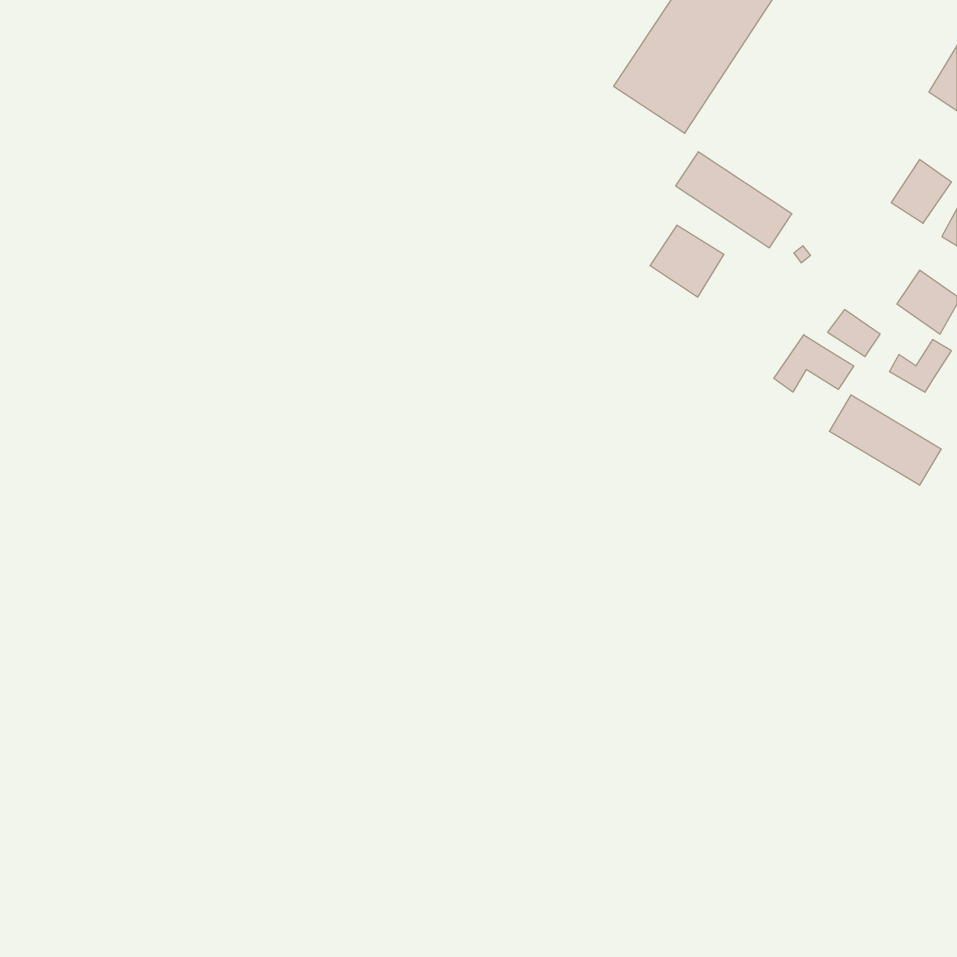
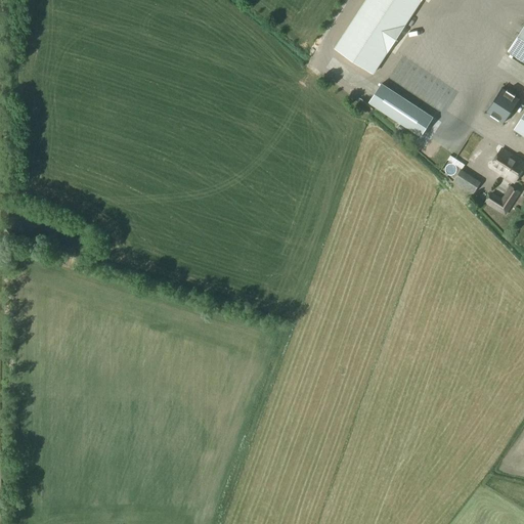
building: [650,225,724,297] -> none
building: [774,335,854,392] -> none
building: [829,395,941,485] -> none

